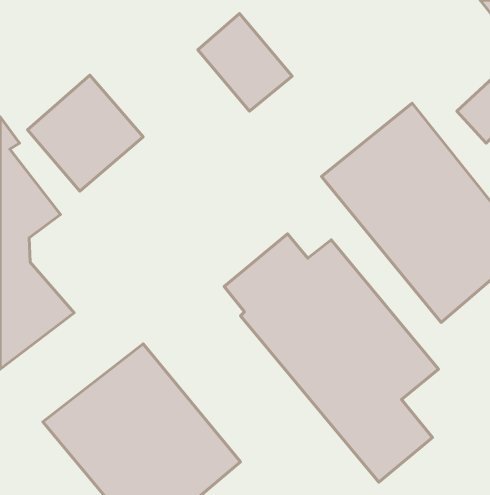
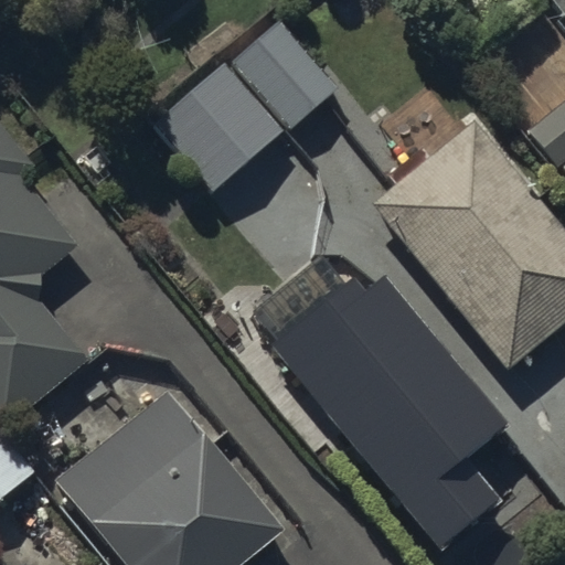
building: [27,75,143,191] -> [154,61,286,192]

